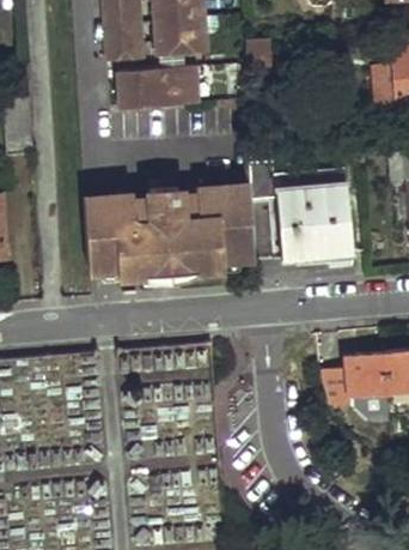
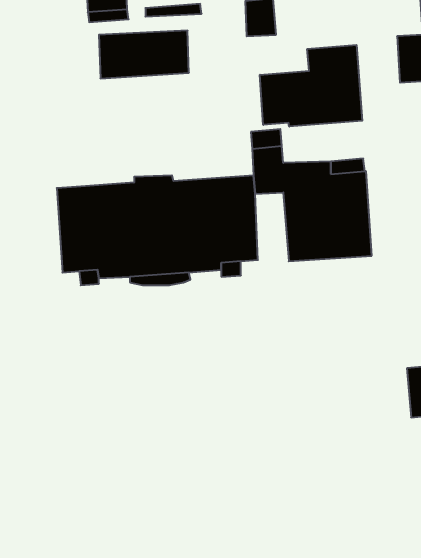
building: none -> [260,45,362,127]
building: [321,352,385,406] -> none

